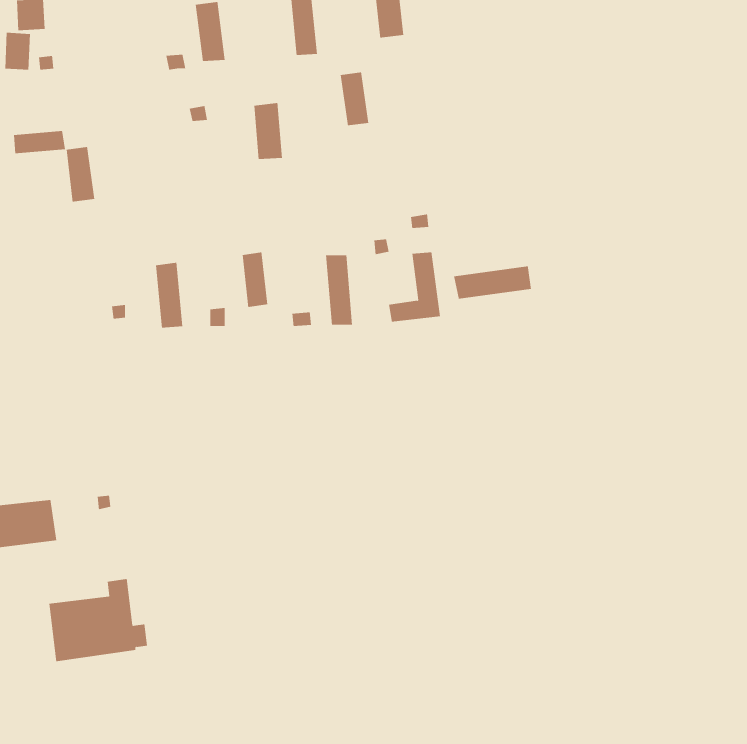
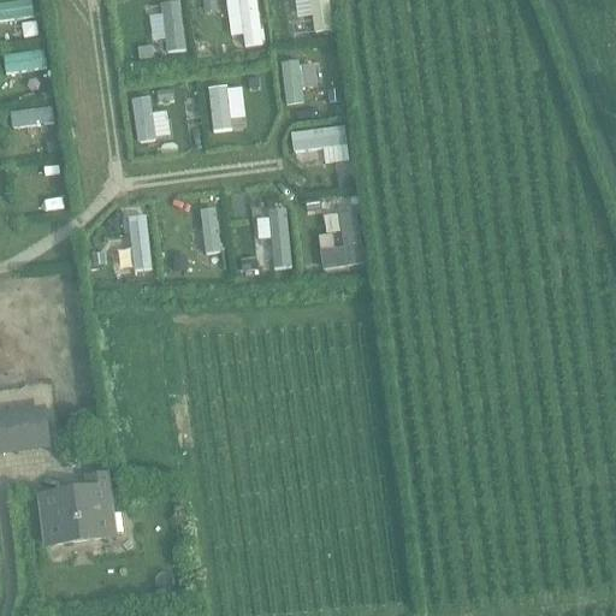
building: [66,146,95,202] -> [131,96,155,142]
building: none -> [291,126,345,152]
building: [454,266,531,299] -> none

